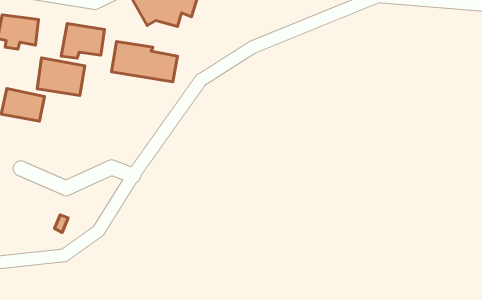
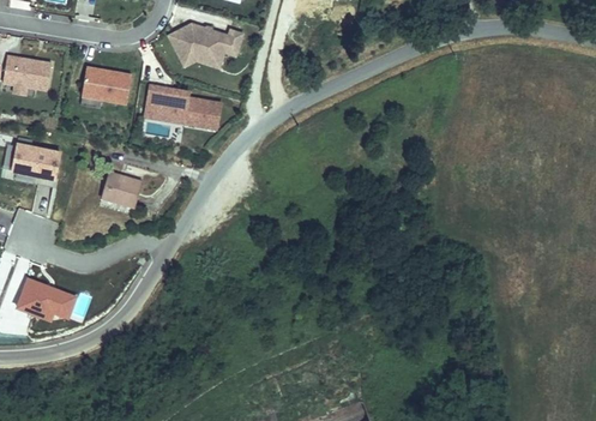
building: [37,58,85,95] -> none
building: none -> [100,173,142,211]
building: none -> [14,278,74,324]

